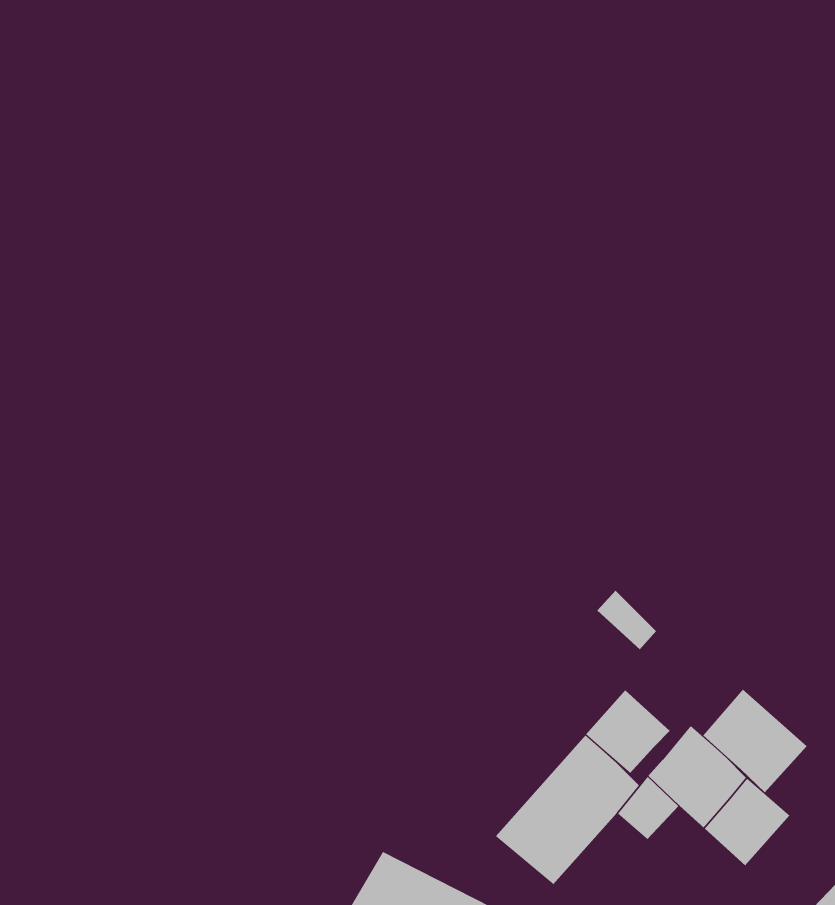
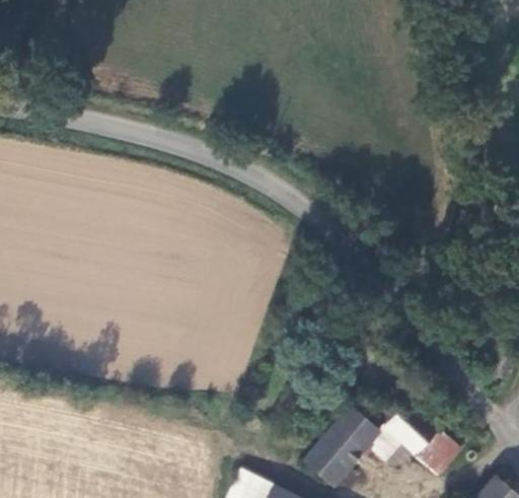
building: [702,689,807,793] -> none
building: [585,690,671,774] -> none

